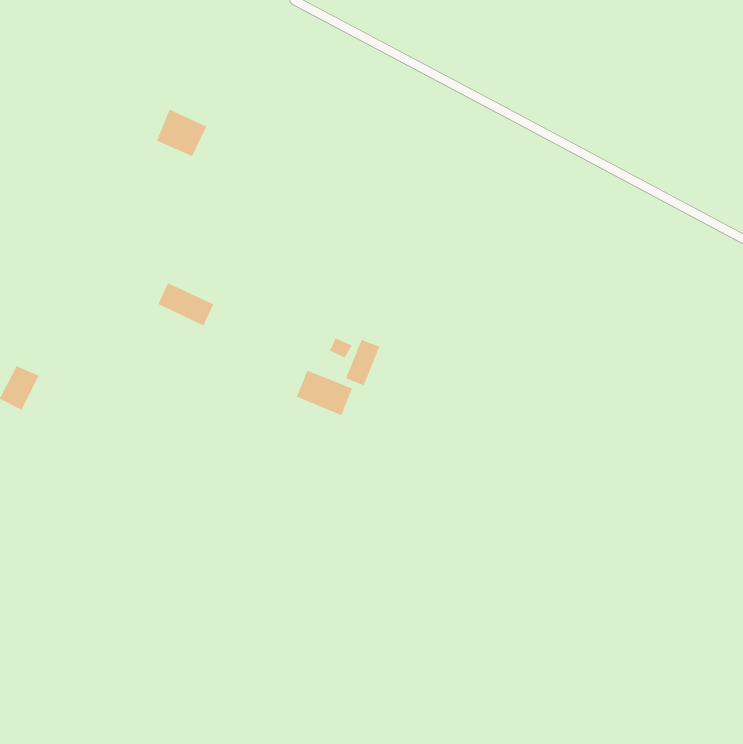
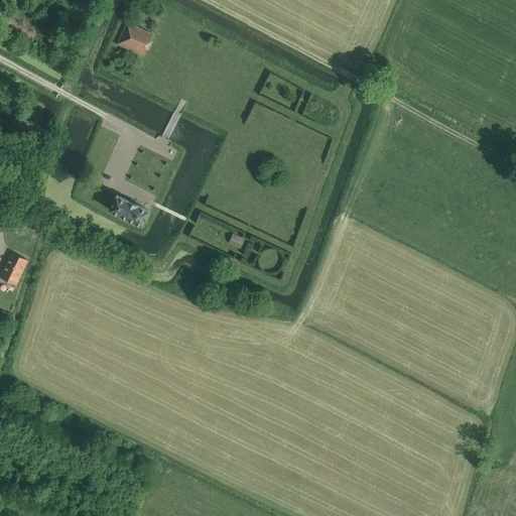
building: [156,109,207,157] -> [117,22,152,55]
building: [296,370,353,416] -> none

